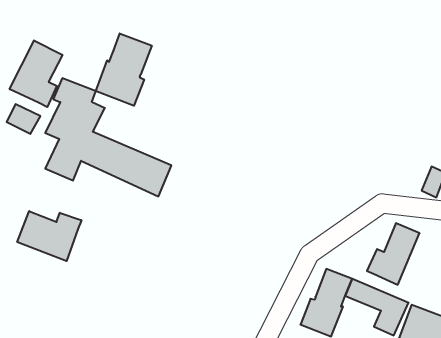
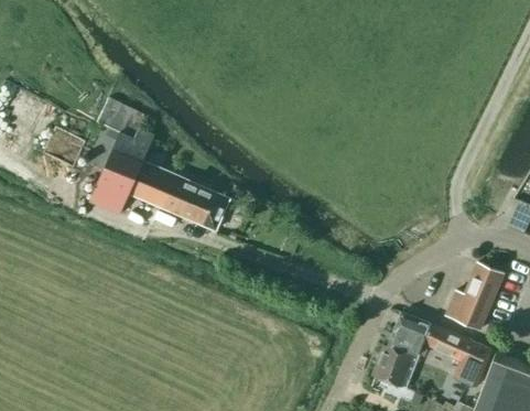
building: [96,33,152,106] -> none
building: [10,40,62,107] -> none
building: [17,211,81,261] -> none

